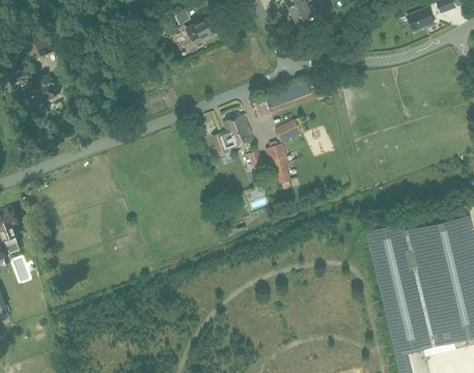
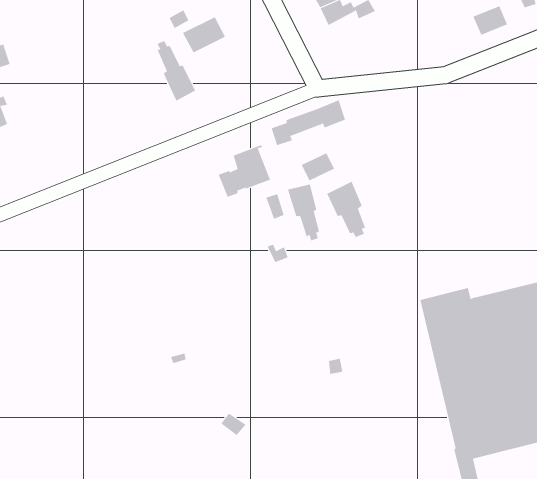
building: none -> [157,40,196,101]
building: none -> [327,181,366,238]

